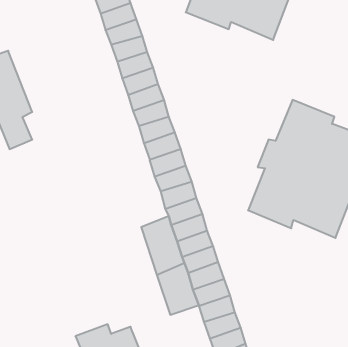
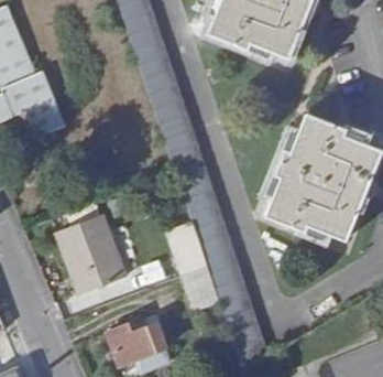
building: none -> [55,214,127,295]

